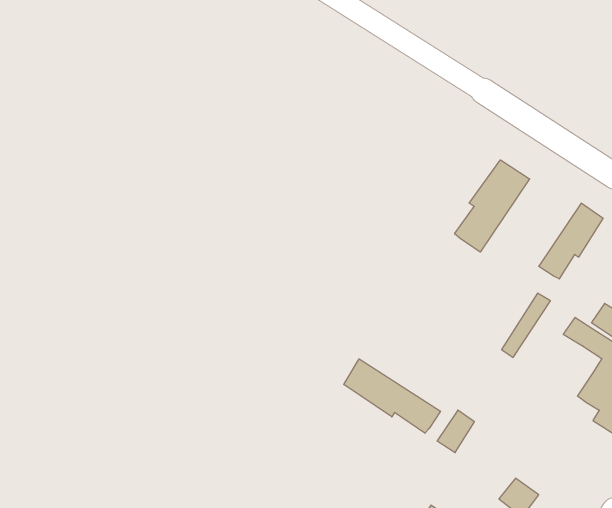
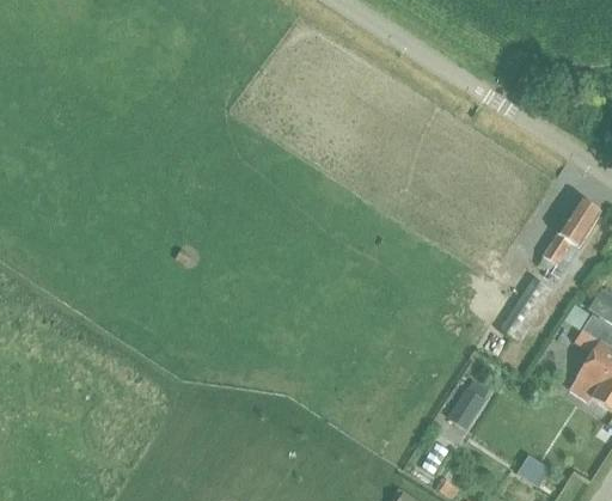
building: [455,160,530,252] -> none
building: [344,359,440,433] -> none

